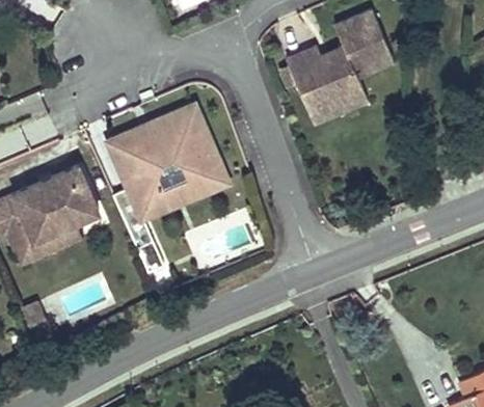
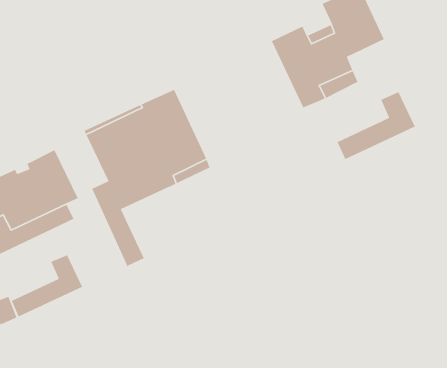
building: none -> [337,91,416,160]
building: none -> [11,254,83,318]

